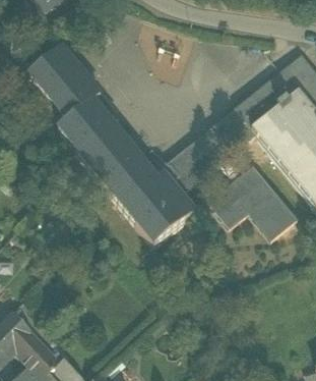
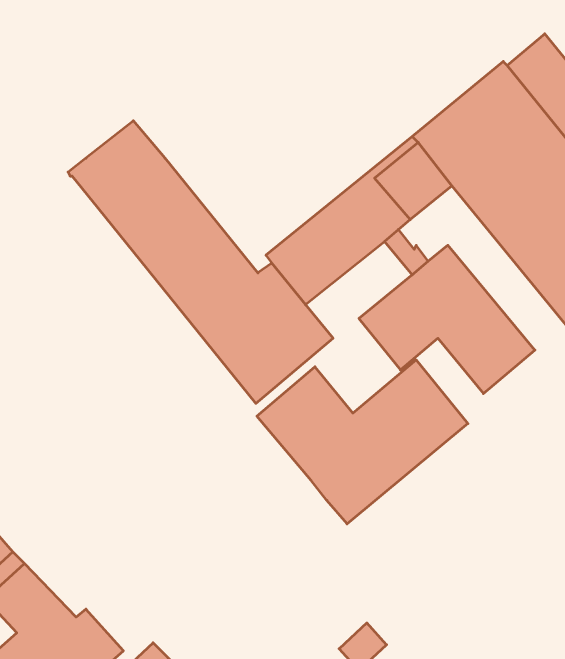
building: [27,49,115,122] -> none
building: none -> [257,360,468,524]

